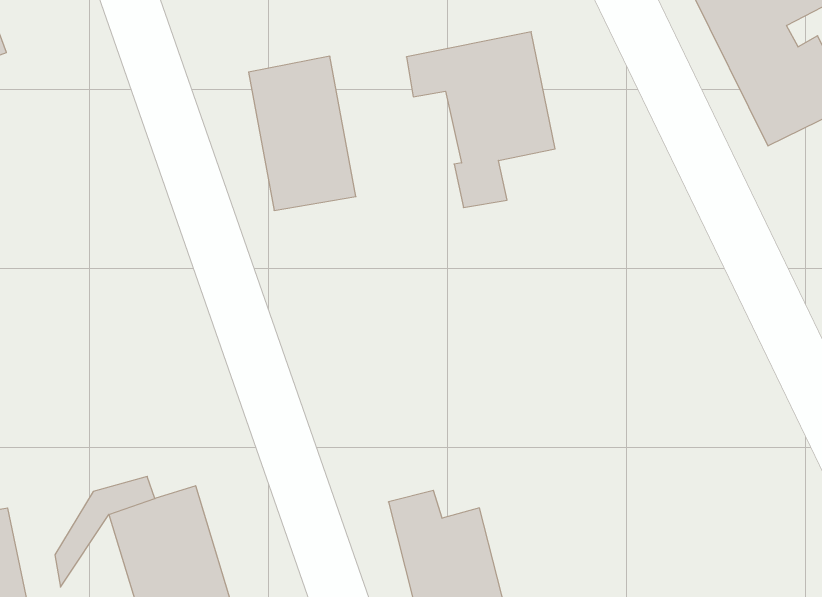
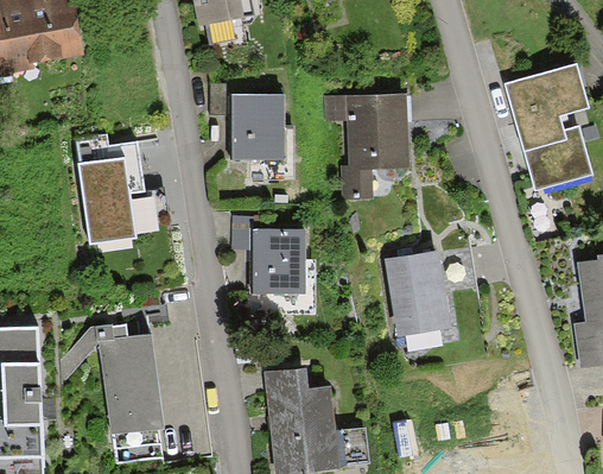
building: none -> [77,133,144,245]
building: none -> [252,222,304,309]
building: none -> [385,251,450,337]

